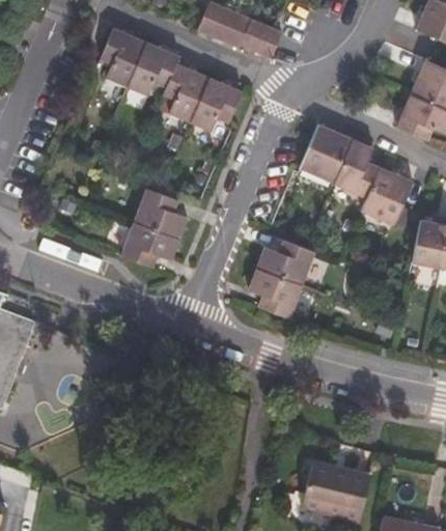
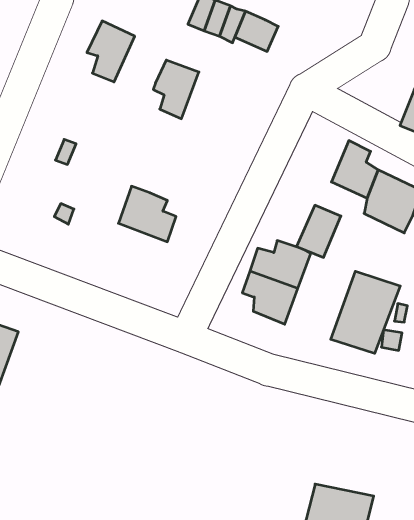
building: [123,41,177,94] -> none
building: [188,76,241,130] -> none
building: [305,131,347,180] -> [296,205,341,257]
building: [116,220,174,264] -> none
building: none -> [331,271,400,353]

